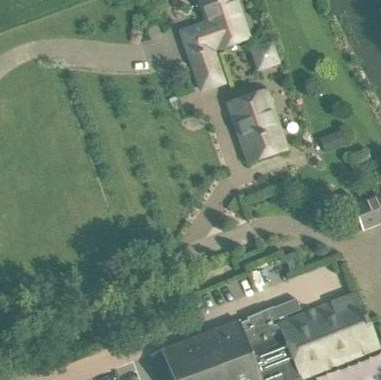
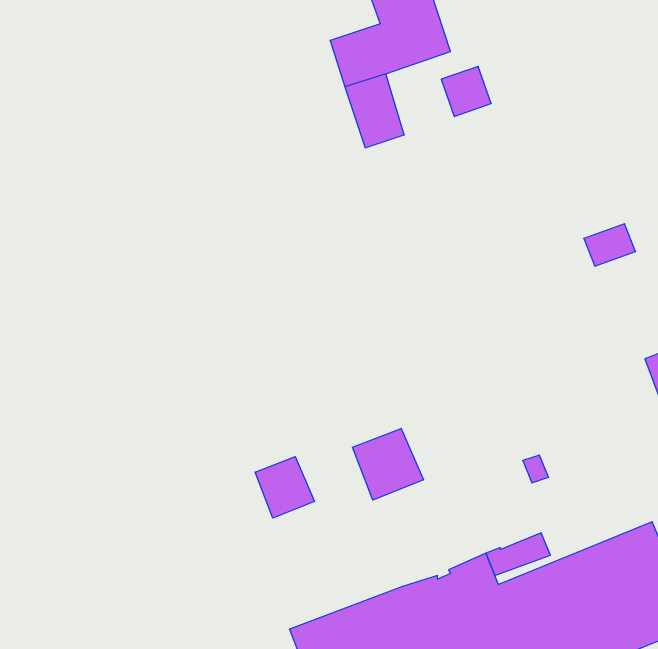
building: [228,90,281,159] -> none
building: none -> [352,428,423,500]
building: none -> [255,457,314,518]

